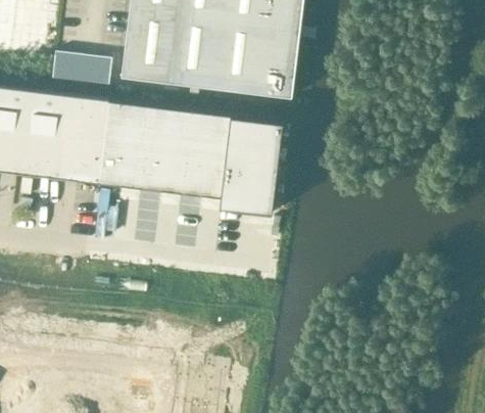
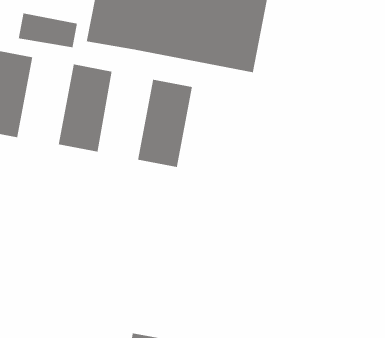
building: [58,96,109,183] -> none
building: [140,105,190,193] -> none
building: [220,116,283,214] -> none

